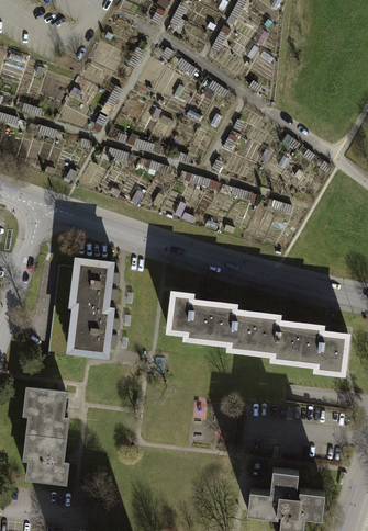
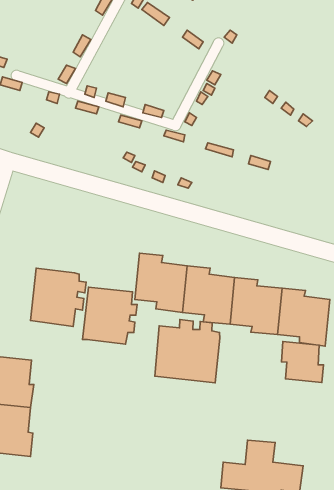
building: [67,256,119,309] -> [83,287,137,344]
building: none -> [155,320,220,383]
building: none -> [281,342,324,382]

